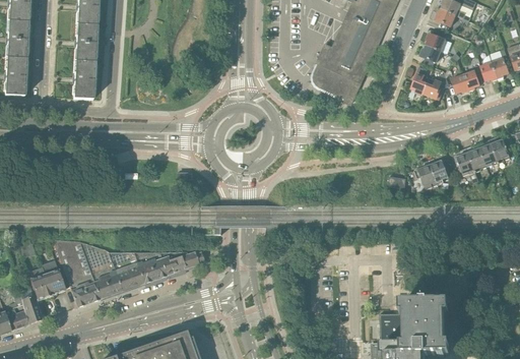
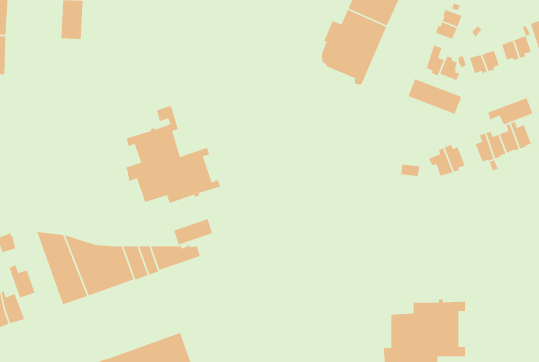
building: [75,61,95,99] -> none
building: none -> [407,78,462,115]
building: none -> [487,97,533,126]
building: none -> [125,105,221,204]
building: none -> [173,218,213,246]
building: [42,259,66,294] -> none

